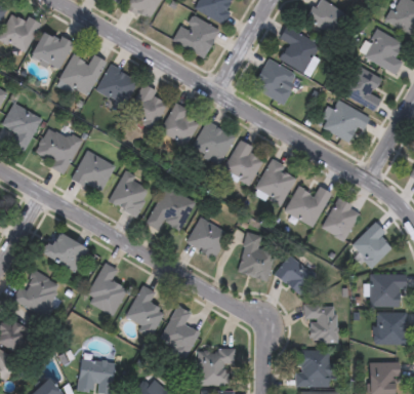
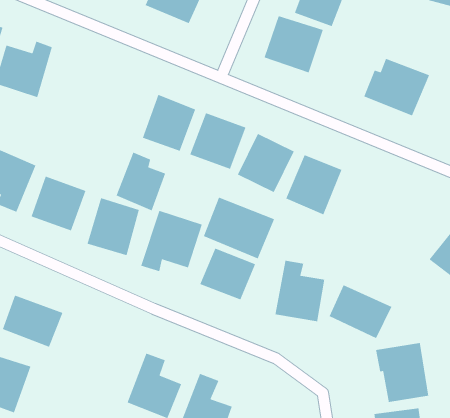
building: [96,65,138,106] -> none
building: [341,65,381,111] -> none
building: [129,83,167,127] -> [115,152,166,211]
building: none -> [203,197,275,259]
building: [285,186,331,226] -> none
building: [322,198,362,240] -> none
building: [85,263,127,316] -> none

